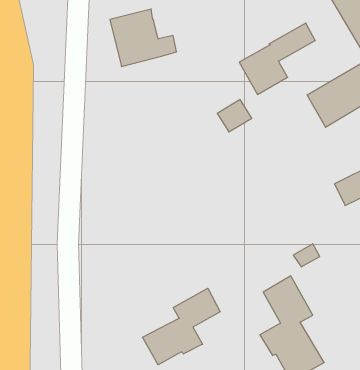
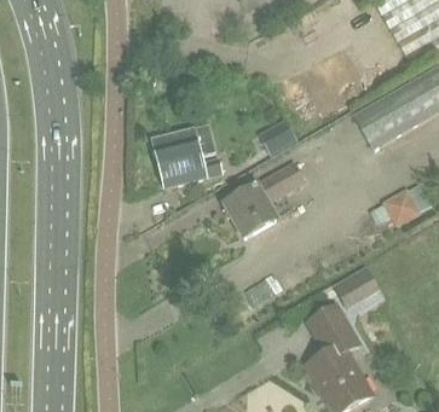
building: [110,9,177,67] -> [152,127,223,187]
building: [239,23,315,95] -> [225,162,305,237]
building: [143,288,220,365] -> none

